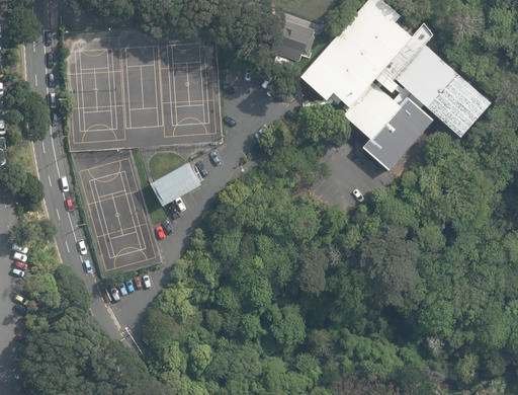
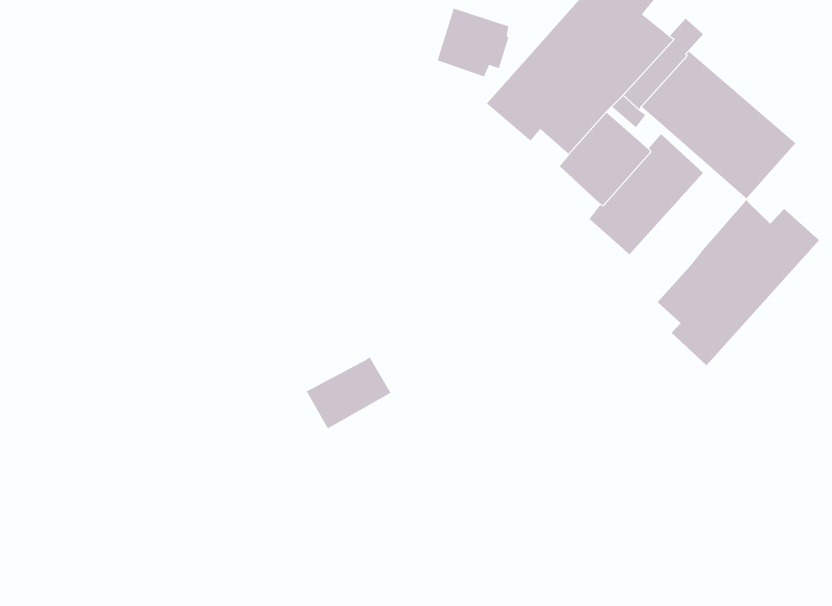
building: none -> [657,199,820,366]
building: [150,162,202,207] -> [306,357,392,429]

